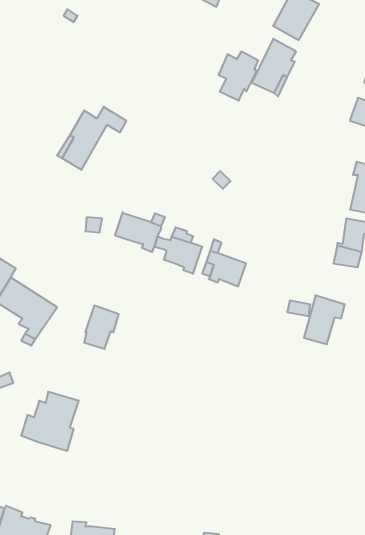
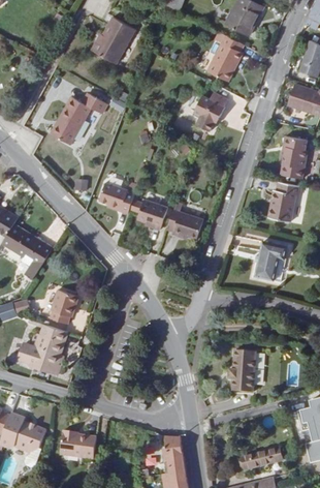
building: none -> [92,14,135,63]
building: [218,52,258,100] -> [192,92,224,131]
building: [84,305,119,349] -> [50,284,77,319]
building: none -> [235,350,263,393]

